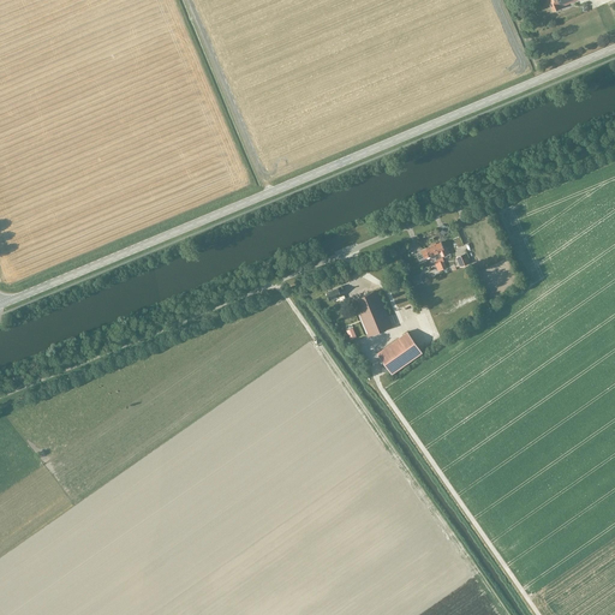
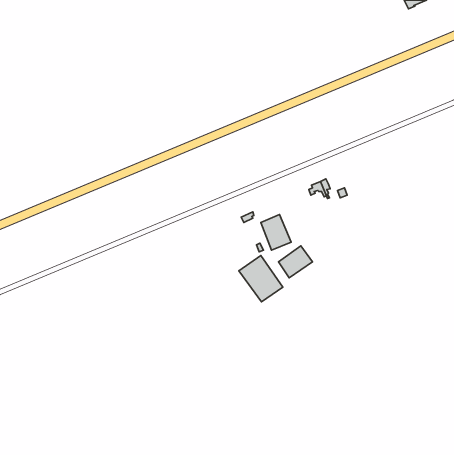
building: none -> [239,255,283,302]

